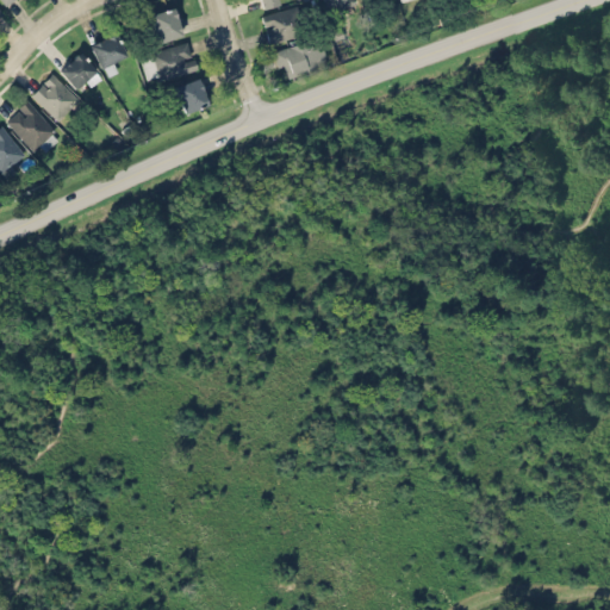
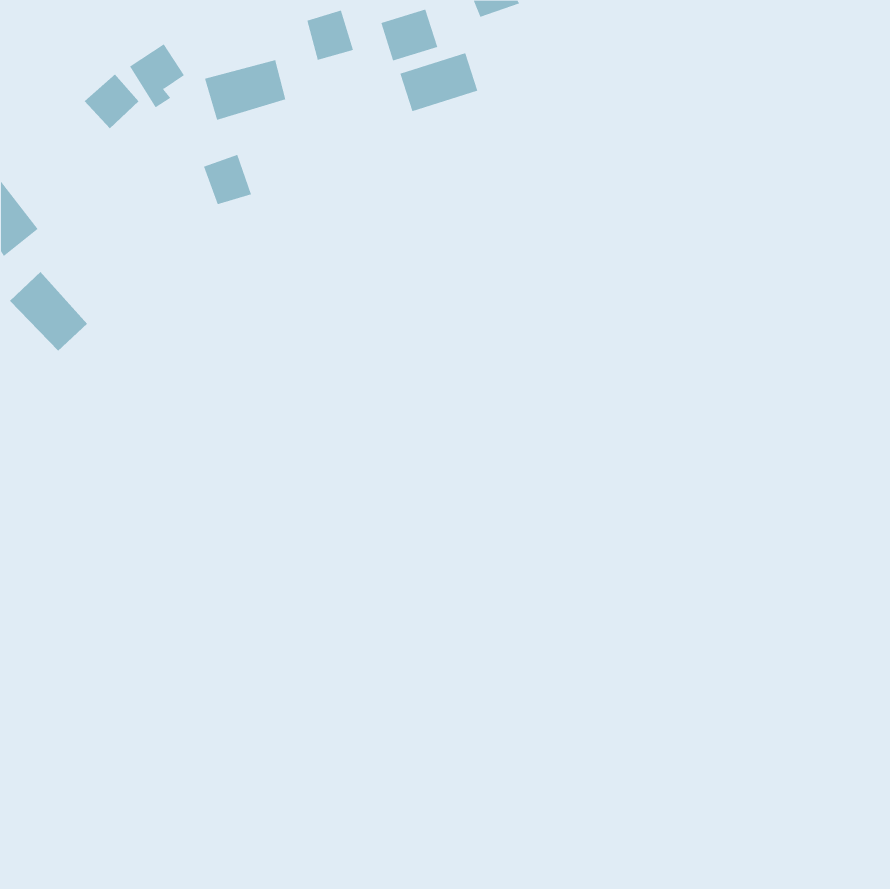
building: [150,8,182,43] -> [307,10,354,61]
building: [31,75,79,123] -> none
building: [175,79,208,113] -> [203,154,252,205]
building: [6,101,60,156] -> [9,271,88,352]

